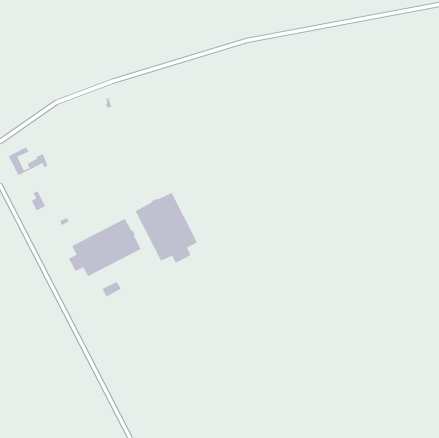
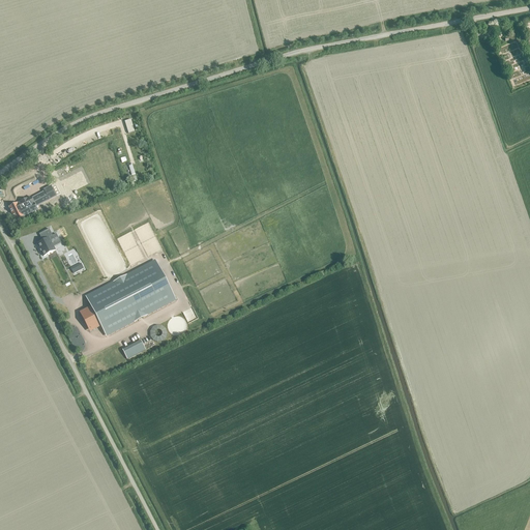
building: [135,192,198,263] -> none

